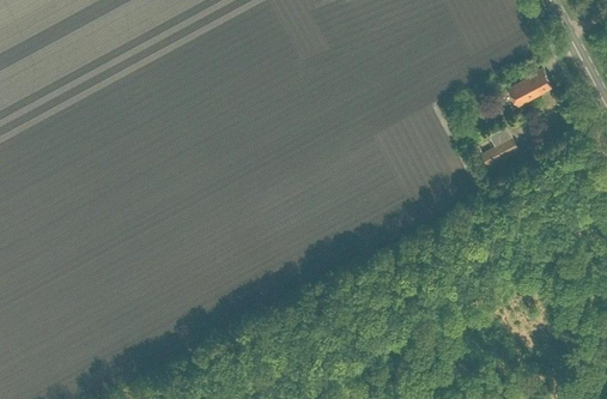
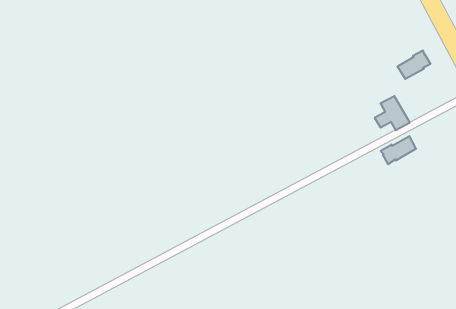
building: none -> [381,136,416,164]

